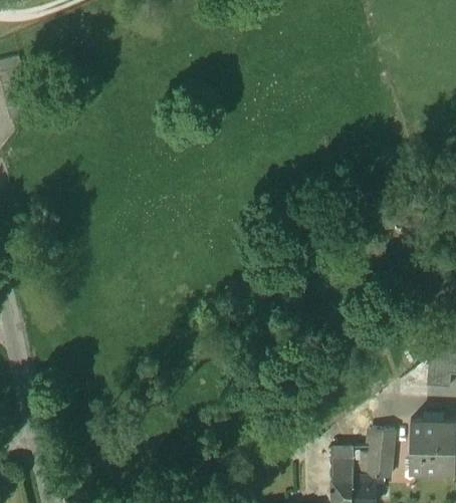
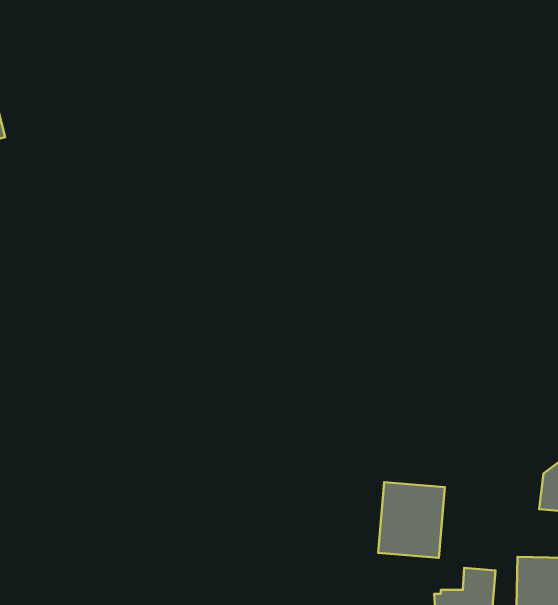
building: none -> [378,482,445,558]

